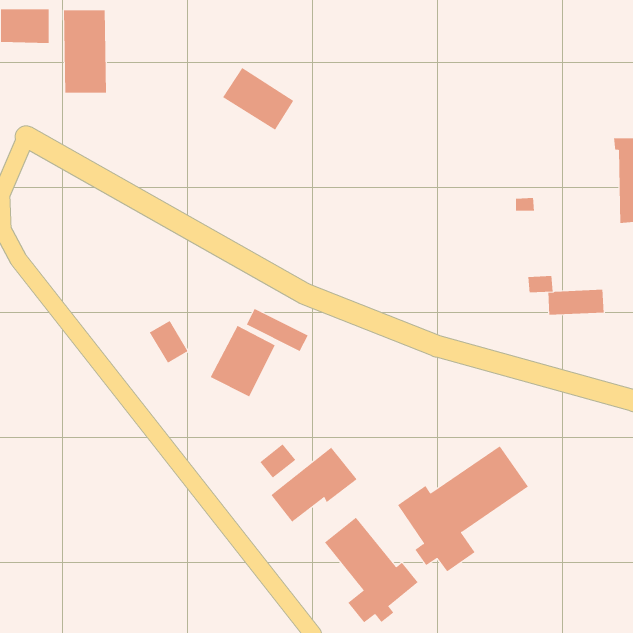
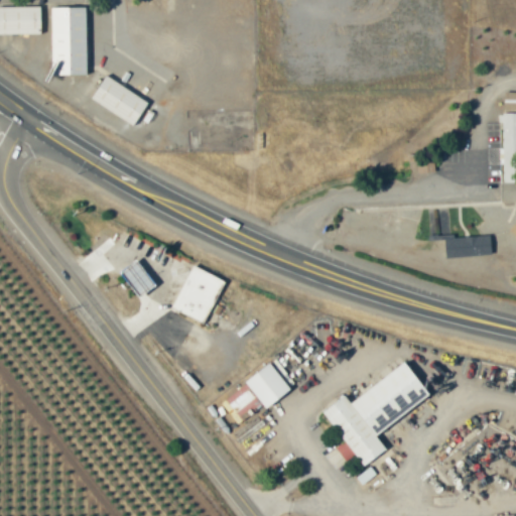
building: [222,67,294,131] -> [91,75,149,126]
building: [246,308,308,352] -> none
building: [259,443,296,479] -> none
building: [324,517,418,623] -> none

